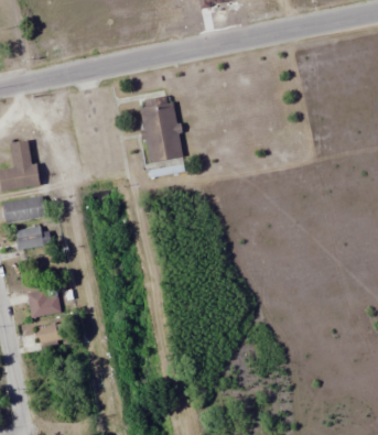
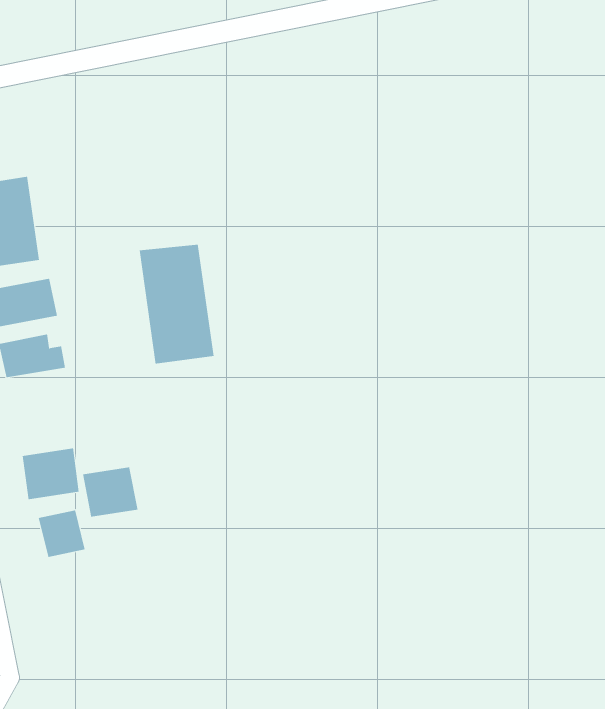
building: [139,95,181,161] -> [139,244,215,364]
building: none -> [83,466,138,517]

